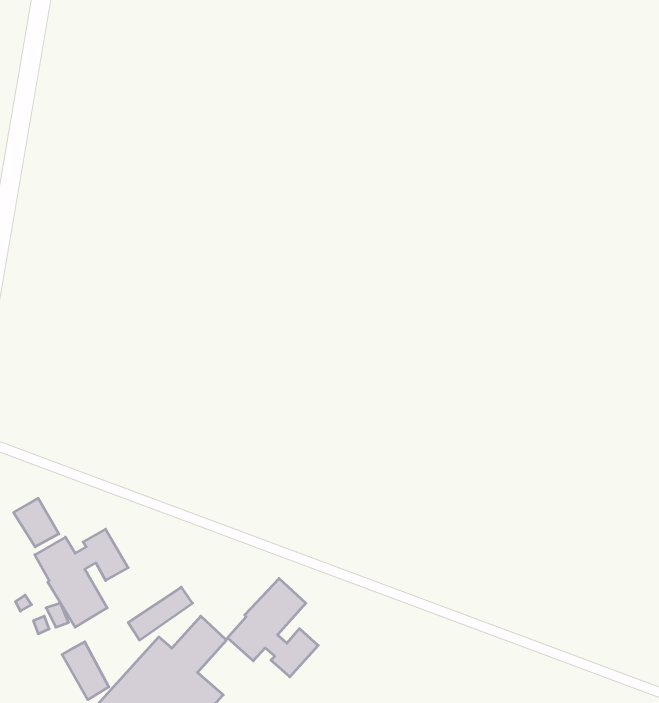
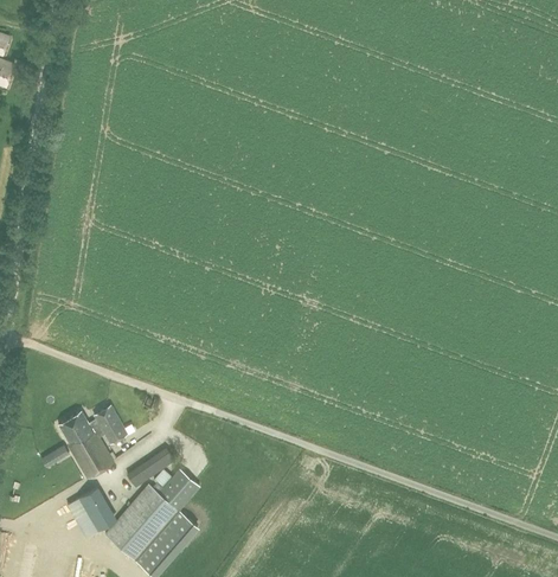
building: [14,498,59,547] -> none
building: [228,578,318,677] -> none

